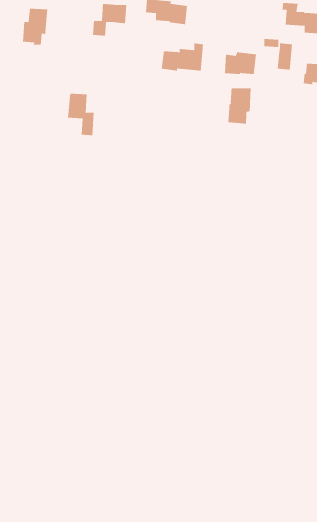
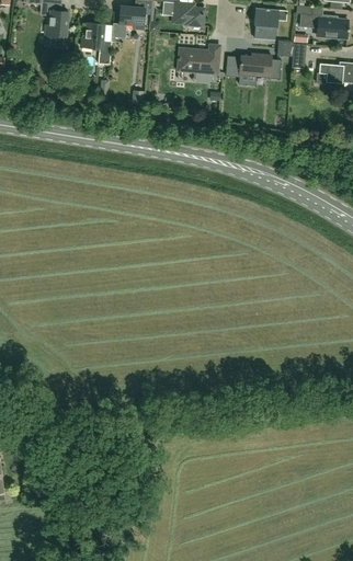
building: none -> [253,8,280,39]
building: [228,88,251,124] -> none
building: [67,93,94,136] -> [86,22,112,64]

